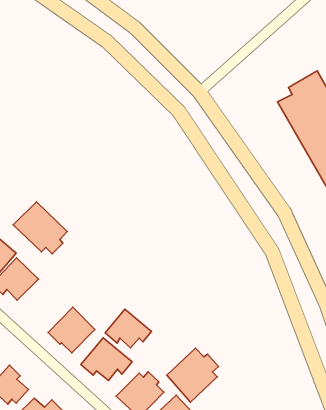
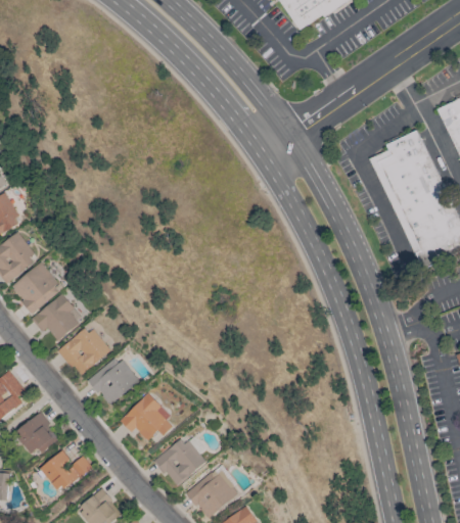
building: [13,202,67,254] -> none
building: none -> [57,325,111,375]
building: [105,309,151,348] -> none
building: [167,348,218,402] -> none

